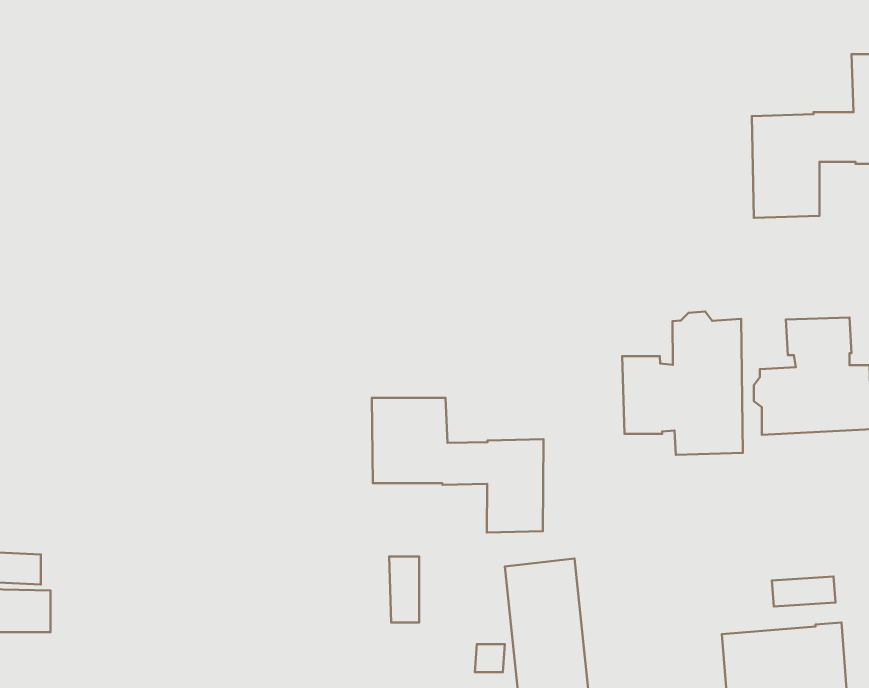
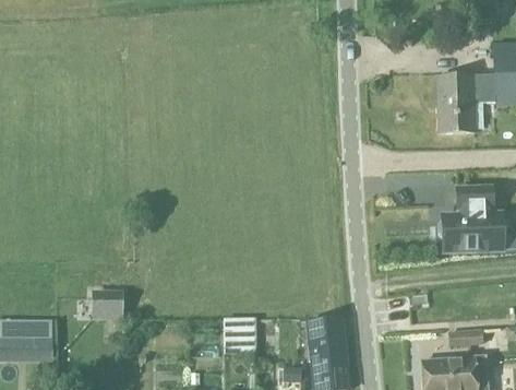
building: [622,312,743,455] -> none
building: [372,398,543,532] -> none
building: none -> [93,288,123,319]

